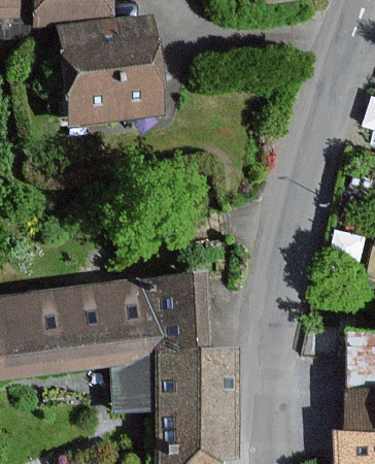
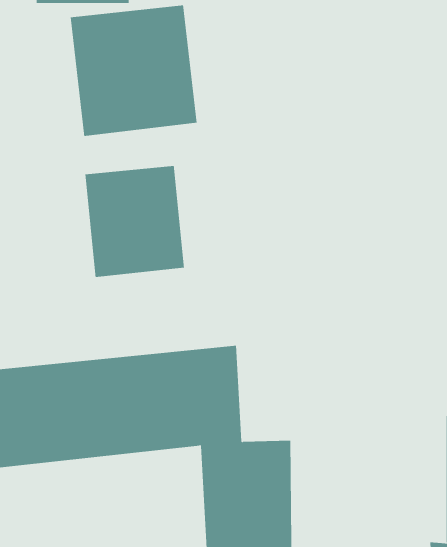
building: none -> [85,165,184,278]

